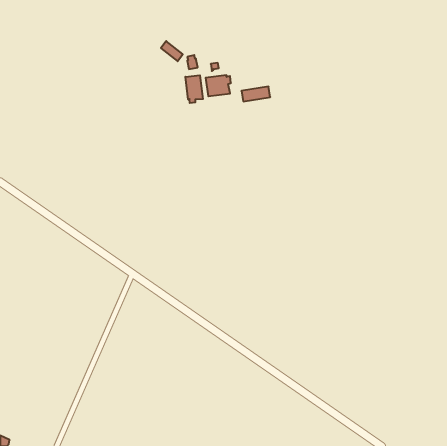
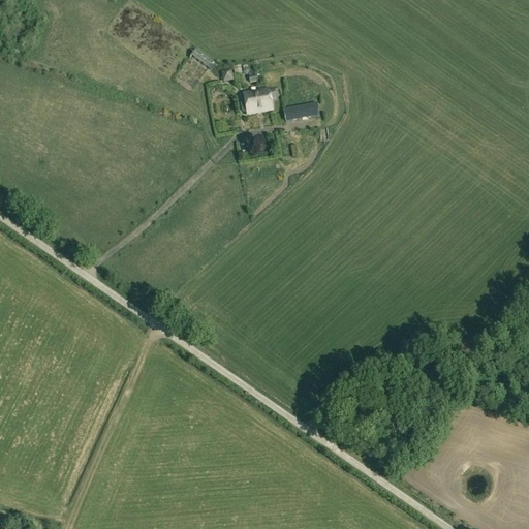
building: [185,75,203,103] -> none

